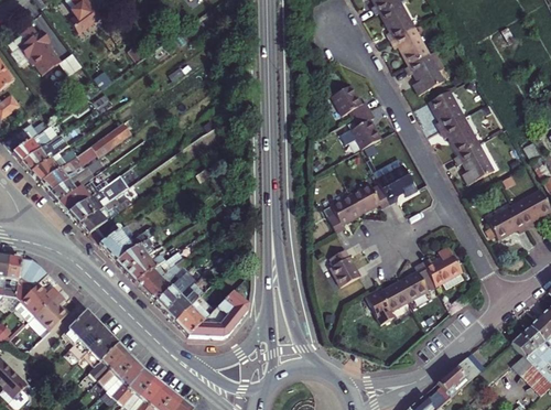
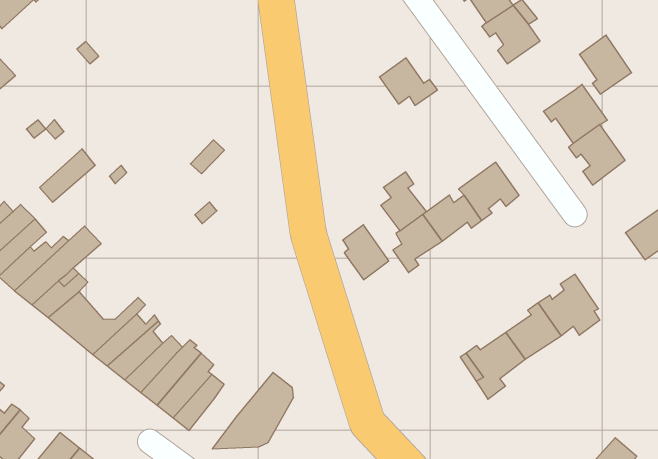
building: [430,90,464,130] -> [579,35,632,94]
building: [350,107,381,147] -> [381,172,427,231]
building: [329,246,359,283] -> [343,225,389,280]
building: [174,300,207,334] -> none

